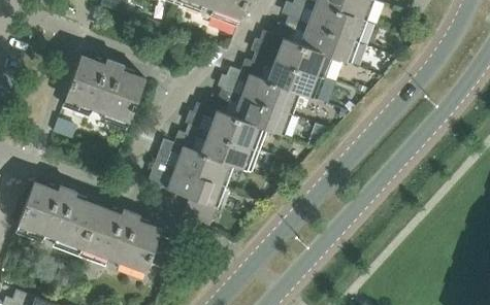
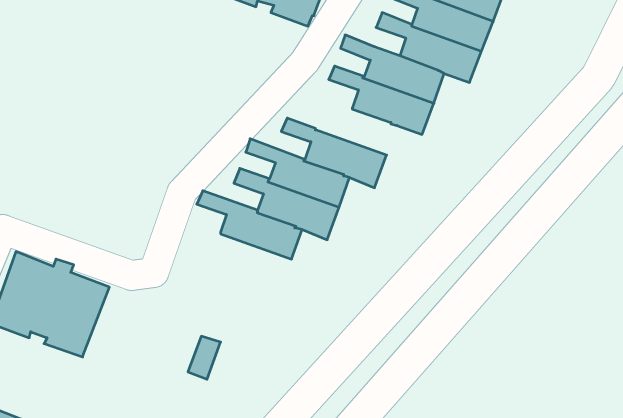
building: [64,55,145,127] -> none
building: [226,66,298,113] -> none
building: [152,159,225,208] -> none
building: [79,205,161,277] -> none

